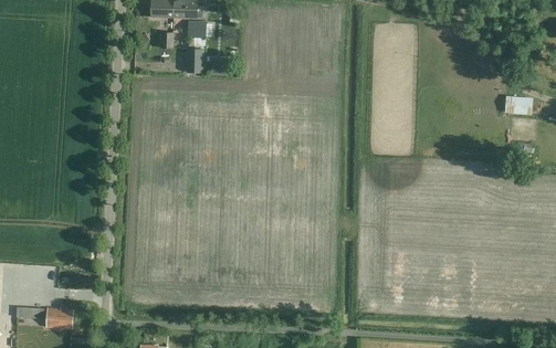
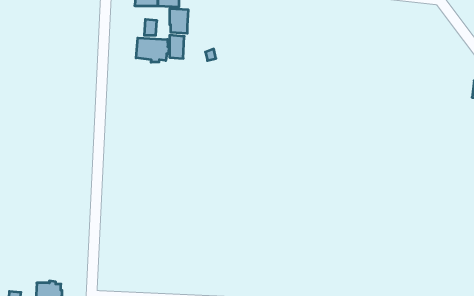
building: none -> [136,38,169,62]

